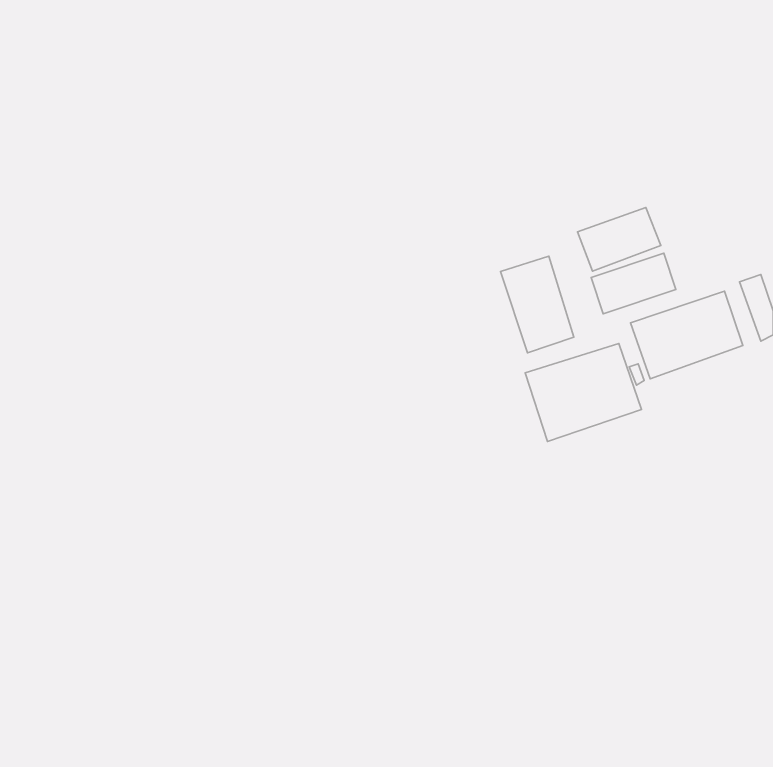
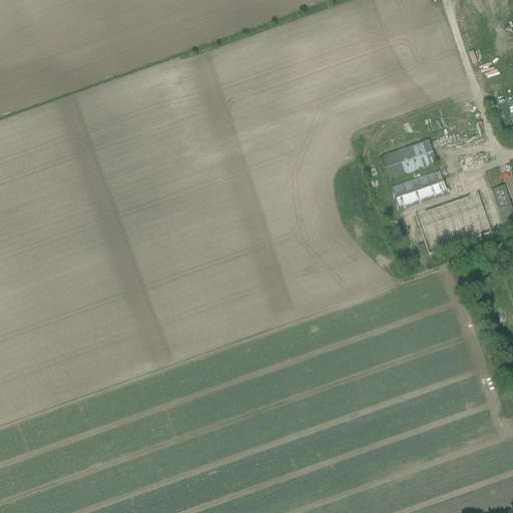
building: [500,256,574,353] -> none
building: [525,343,642,441] -> none

